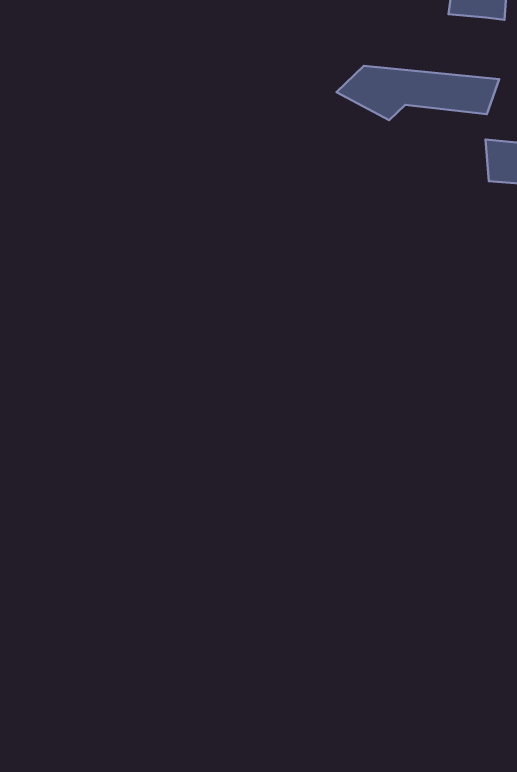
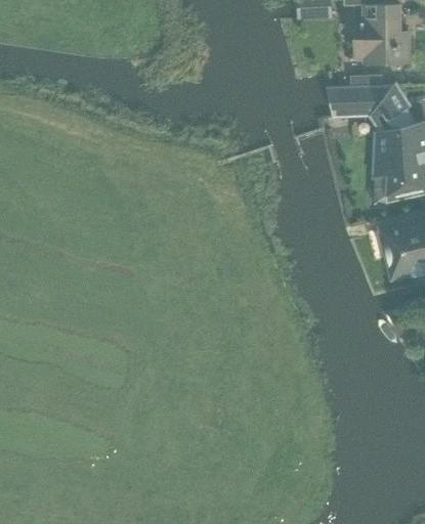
building: [337,66,499,120] -> none

